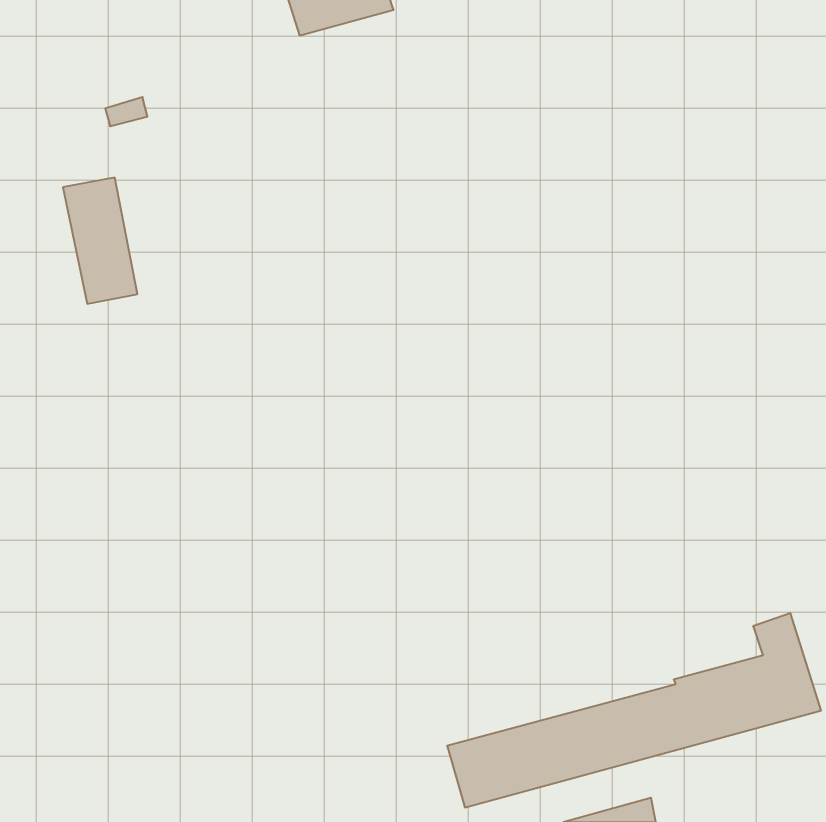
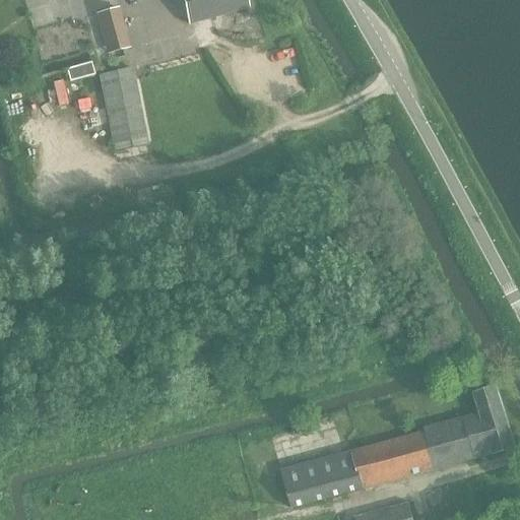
building: none -> [95,6,127,50]
building: [63,178,137,304] -> [99,68,145,147]

